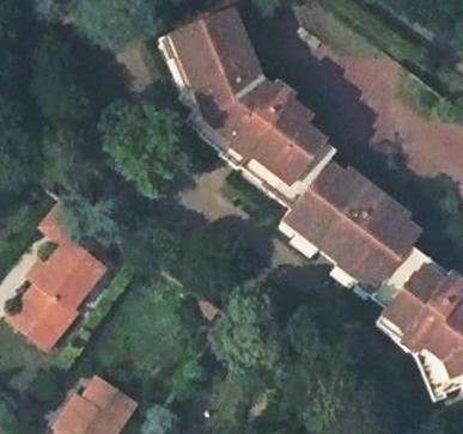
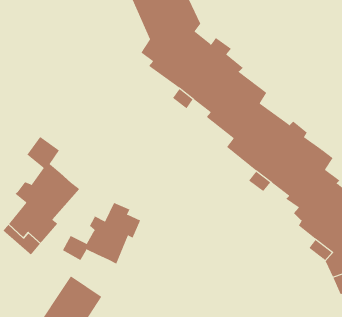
building: none -> [62,202,141,265]

